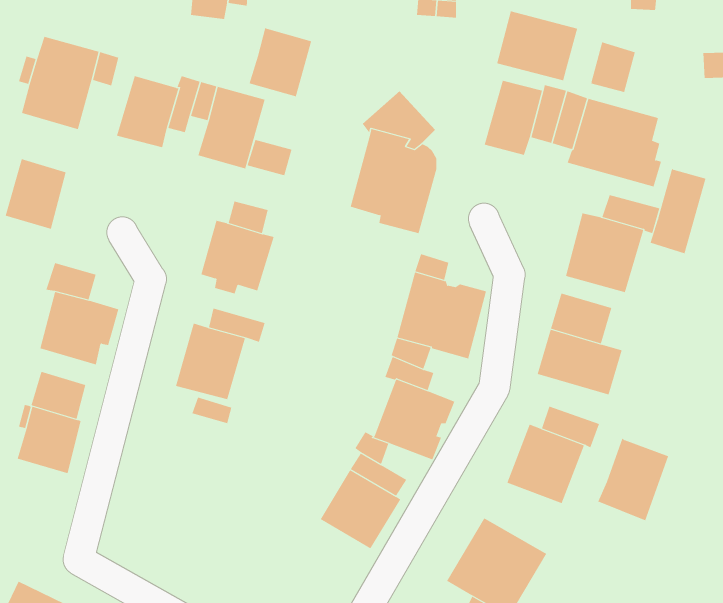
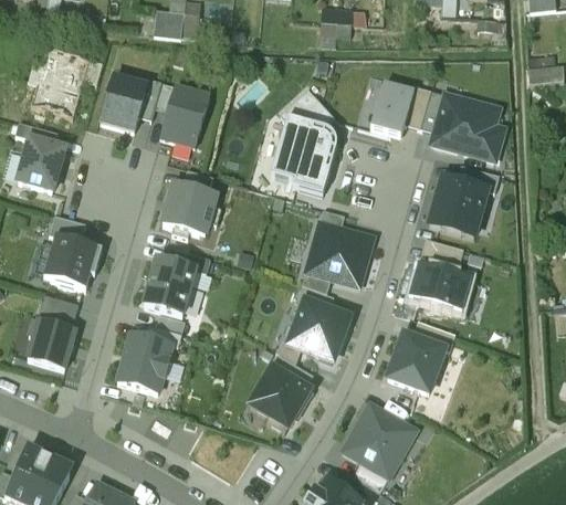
building: [496,11,578,81] -> none
building: [249,27,312,97] -> none
building: [590,42,635,93] -> none
building: [247,139,292,177] -> none
building: [650,168,706,254] -> none
building: none -> [117,334,172,394]
building: [598,437,669,521] -> none

